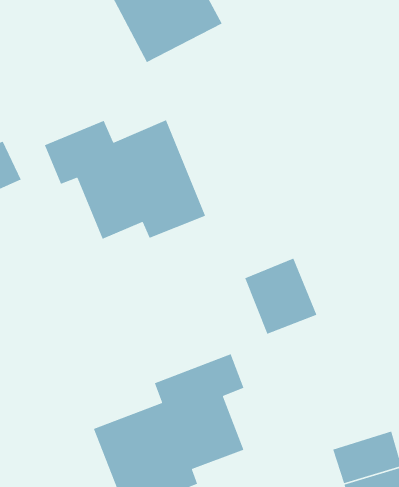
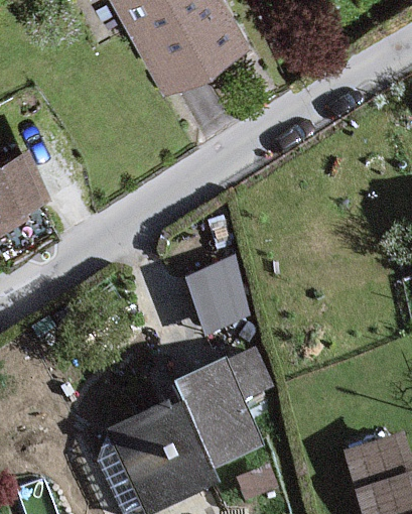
building: [44,119,206,240] -> none
building: [244,257,317,335] -> [183,259,255,335]

